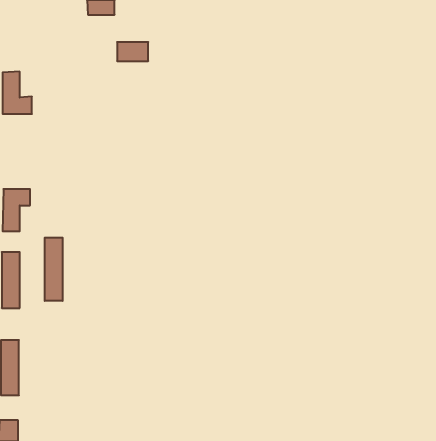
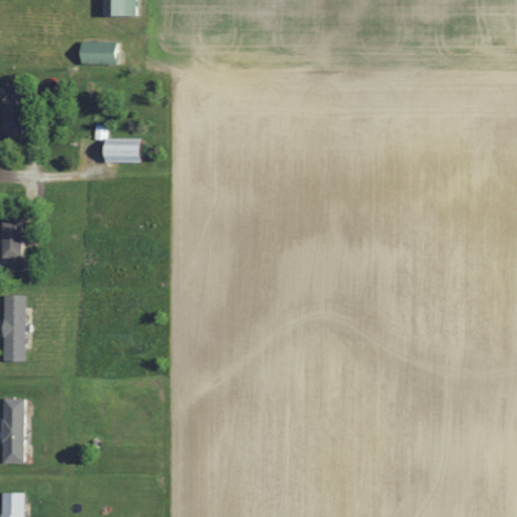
building: [117,42,148,61] -> [81,42,117,65]
building: none -> [106,137,142,162]
building: [45,238,63,301] -> none

